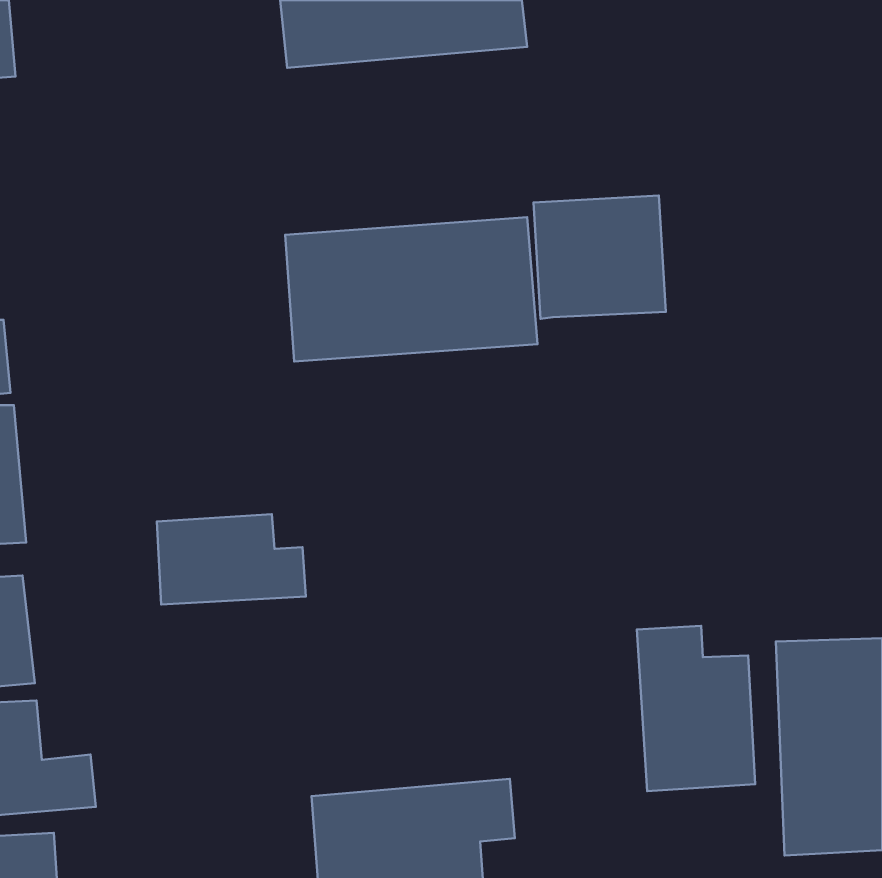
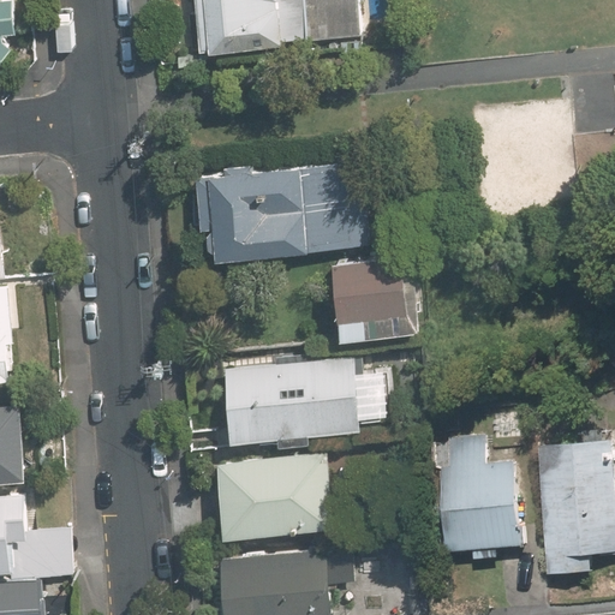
building: [534,195,666,319] -> [330,255,422,340]
building: none -> [223,362,402,441]
building: [157,514,306,604] -> none
building: none -> [214,455,335,535]

